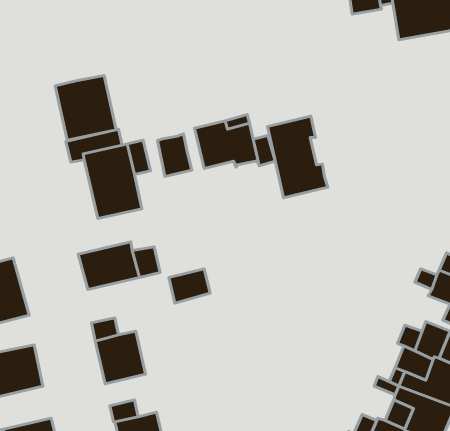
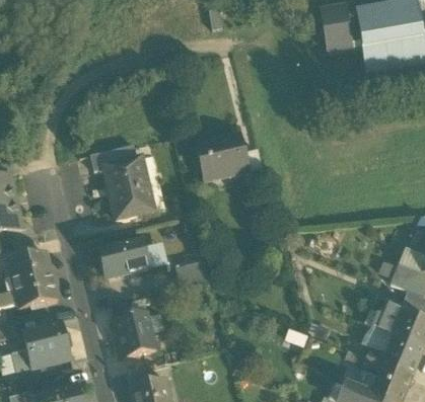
building: [55,76,116,140] -> none
building: [267,116,328,198] -> none
building: [157,134,192,177] -> none

